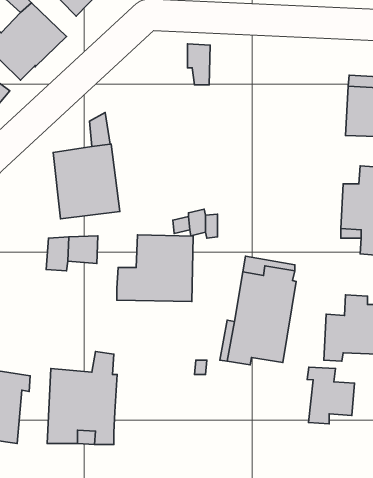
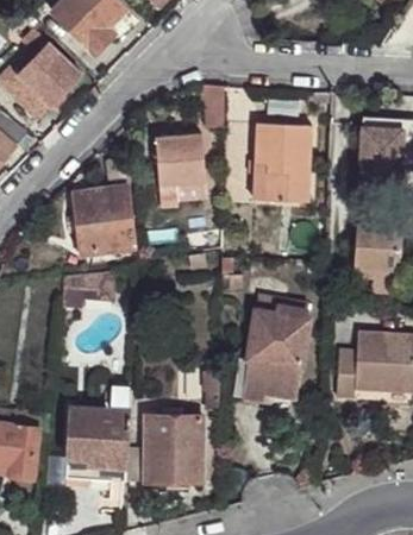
building: none -> [252,118,313,197]
building: none -> [154,133,207,199]
building: [117,235,193,301] -> [129,415,204,480]
building: [307,367,355,424] -> none

